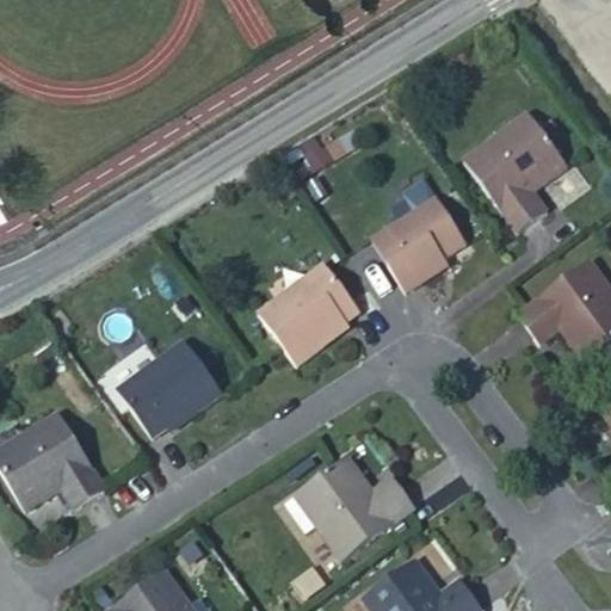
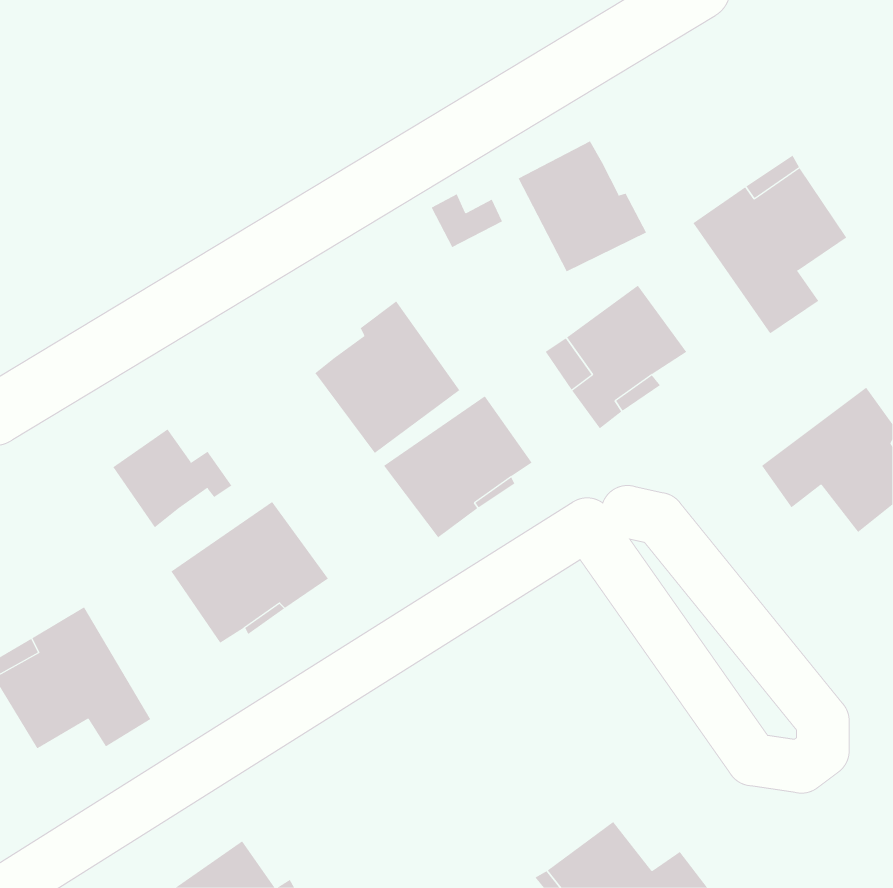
building: none -> [518,140,647,272]
building: none -> [315,301,460,454]
building: none -> [113,429,232,528]
building: [283,458,412,560] -> none

